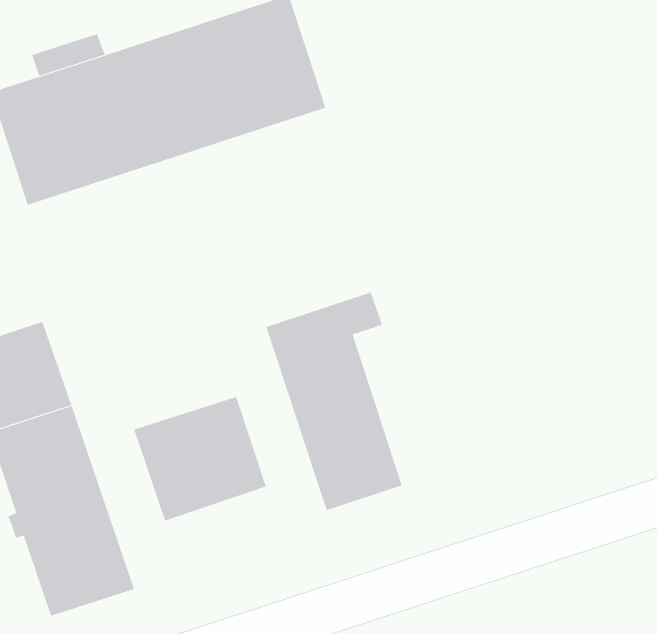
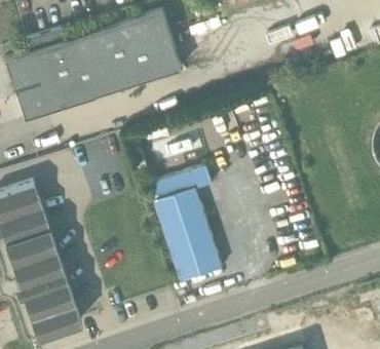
building: [133,396,267,522] -> none

